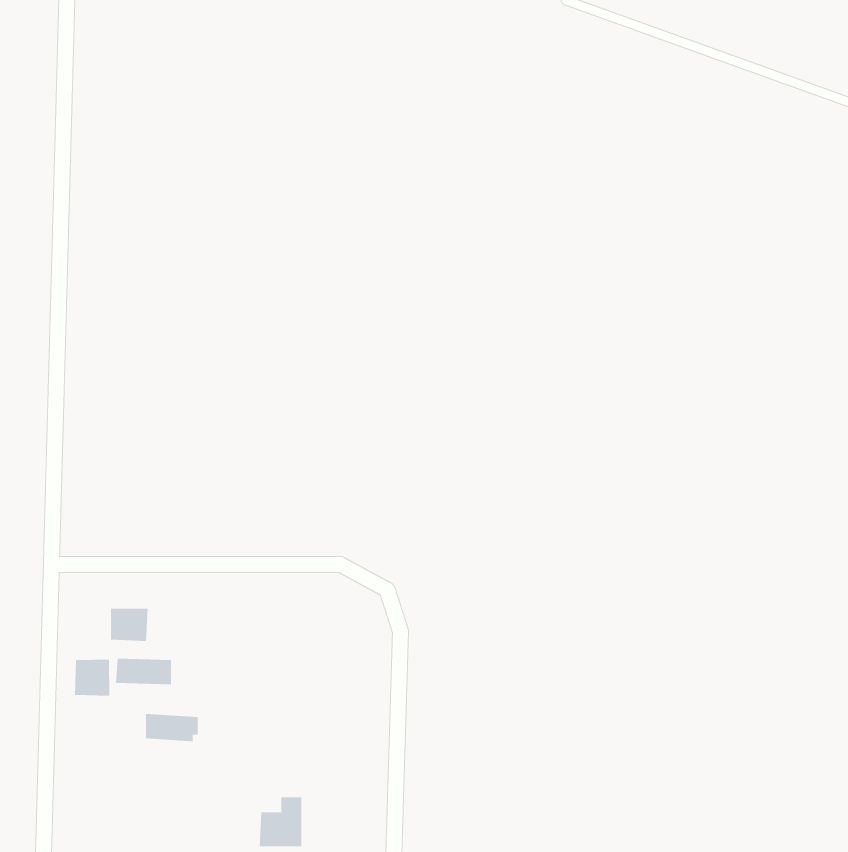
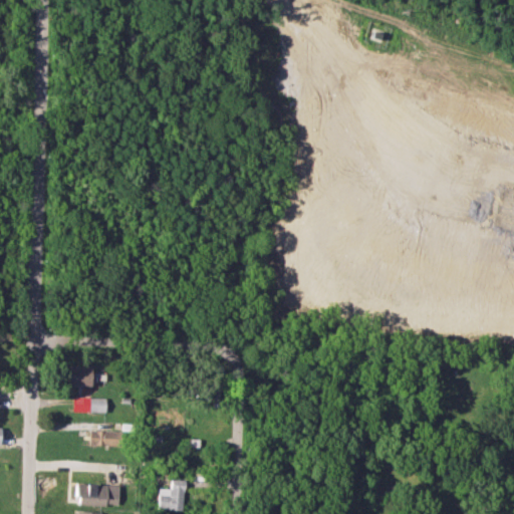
building: [75,659,110,697] -> none
building: none -> [78,483,120,506]

